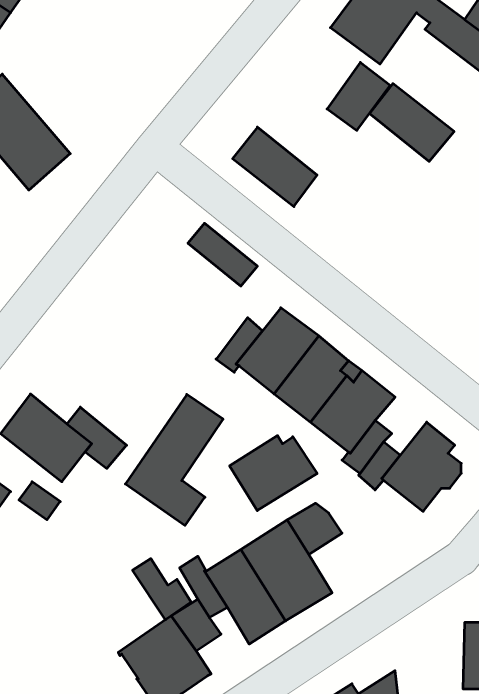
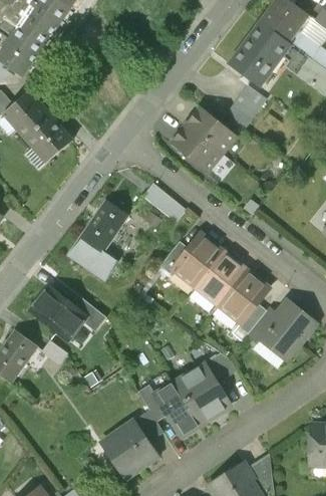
building: [370,84,454,161] -> [185,106,236,154]
building: [125,394,223,525] -> [68,200,127,279]
building: [230,436,317,511] -> none
building: [133,559,191,620] -> none

